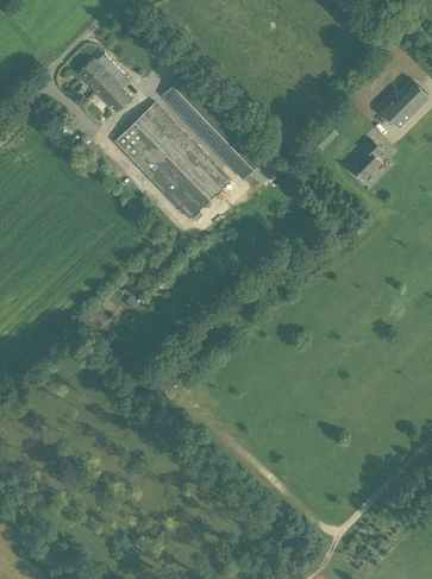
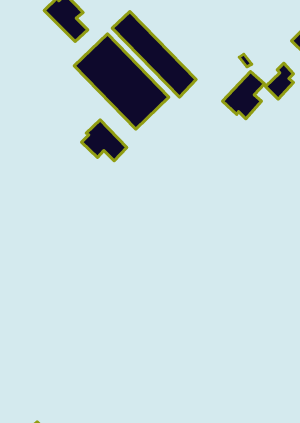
building: none -> [223,72,265,119]
building: none -> [81,120,127,161]

